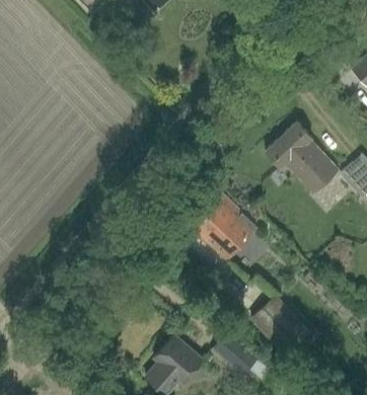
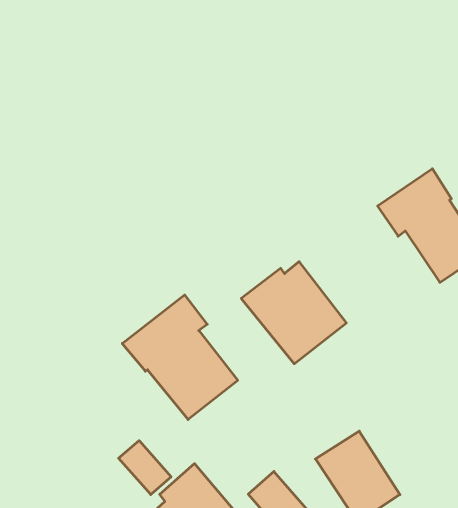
building: none -> [122,295,238,420]
building: none -> [119,441,171,495]

